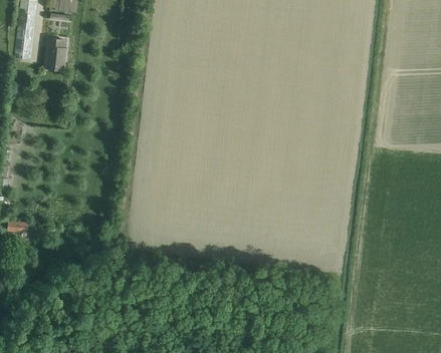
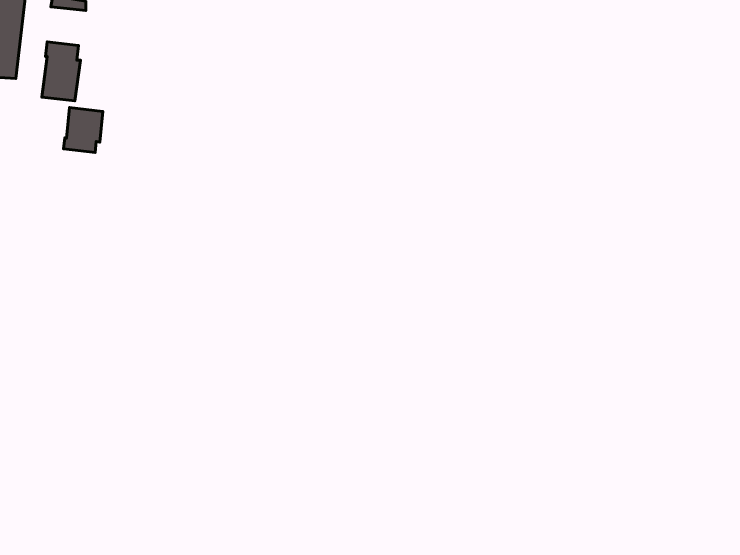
building: none -> [64,107,103,153]

